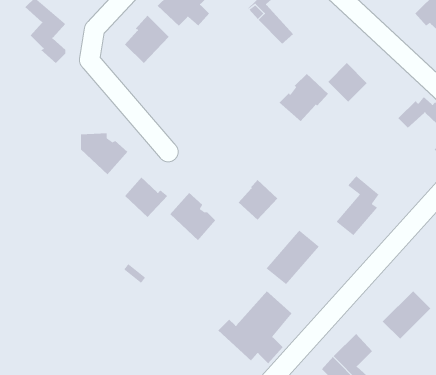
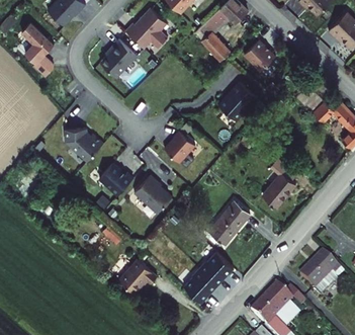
building: [327,62,368,102] -> [245,38,276,70]
building: [238,179,278,221] -> [165,131,196,163]
building: none -> [120,259,158,294]

